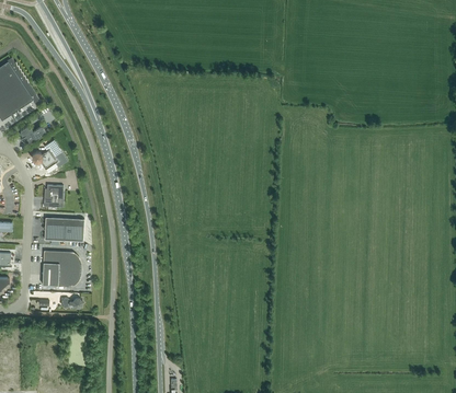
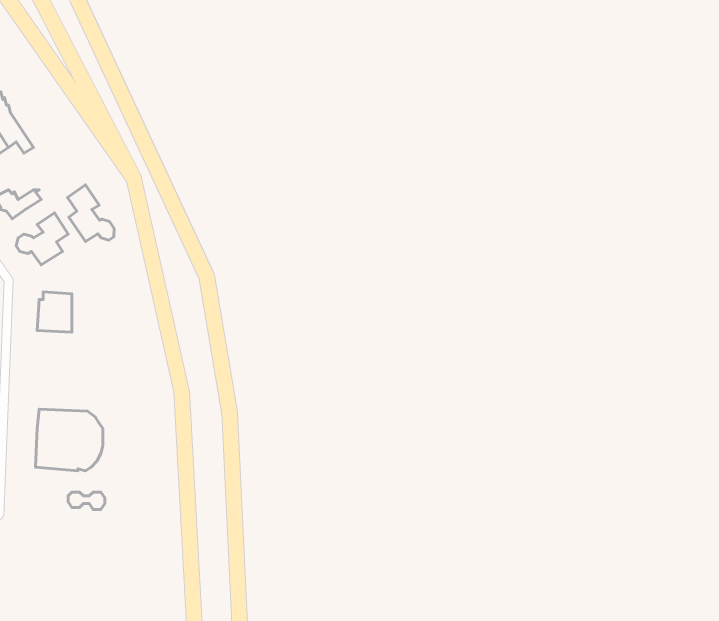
building: none -> [68,185,114,241]
building: [44,217,83,241] -> none

